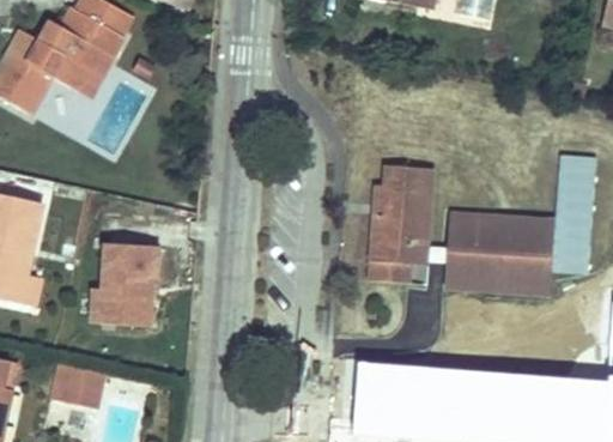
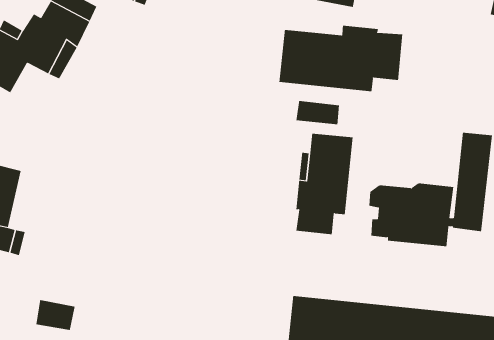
building: none -> [279,25,403,92]
building: none -> [296,100,339,125]
building: [89,240,160,323] -> none

